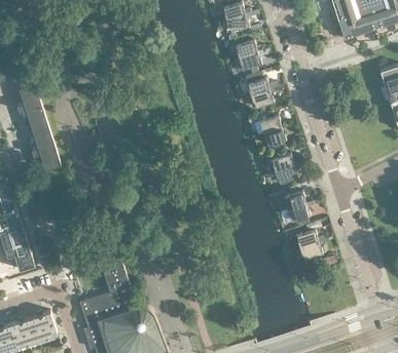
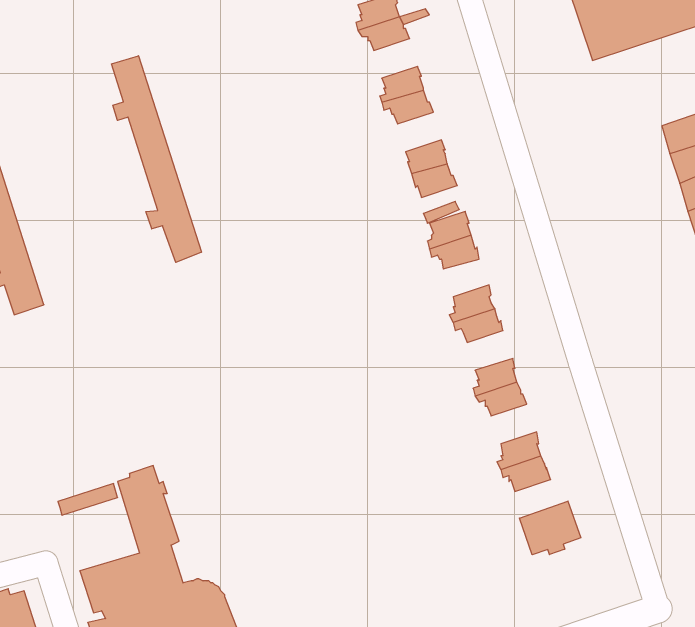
building: none -> [112,56,201,262]
building: none -> [519,501,581,555]

